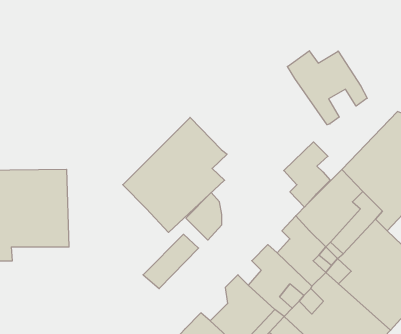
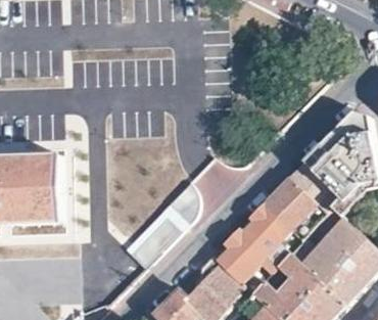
building: [287,51,367,125] -> none
building: [123,117,227,232] -> none
building: [284,142,330,207] -> none

